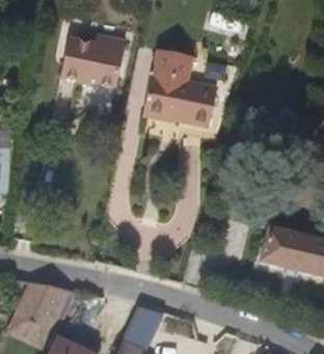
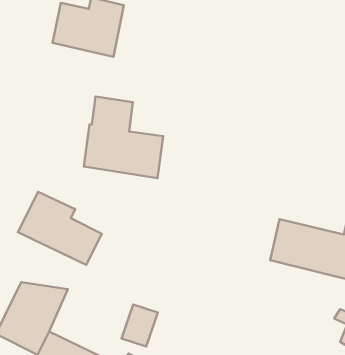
building: [148,46,219,118] -> [84,96,163,178]
building: none -> [18,192,102,265]

